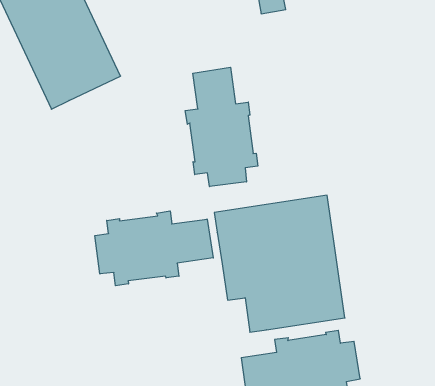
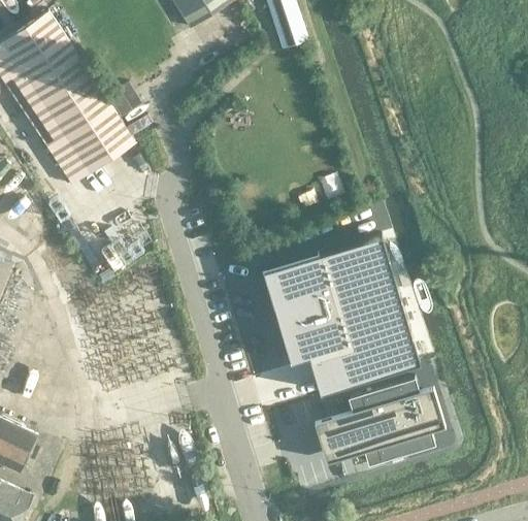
building: [185,67,258,187] -> none
building: [95,211,213,286] -> none

